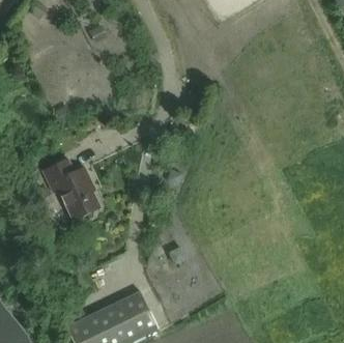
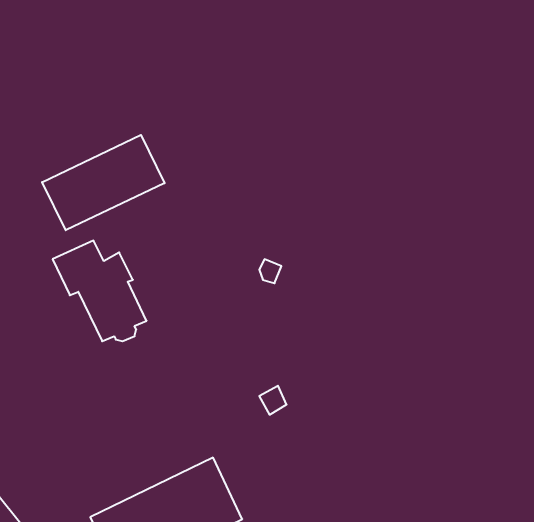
building: none -> [42,135,165,230]

